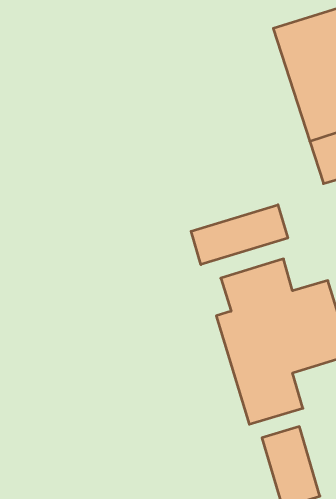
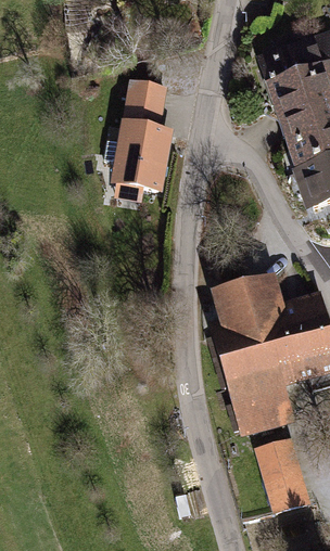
building: none -> [105,77,174,198]
building: [191,205,288,265] -> none

